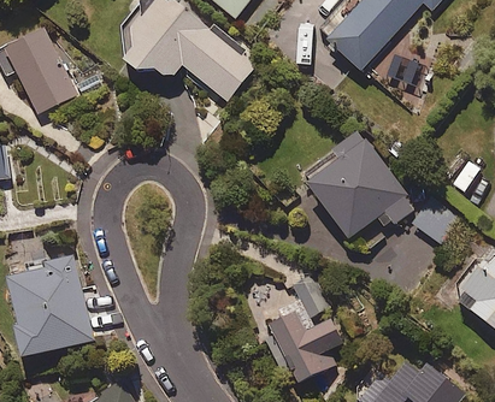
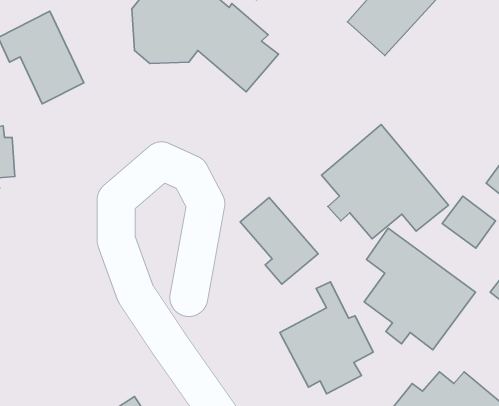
building: none -> [240,198,318,284]
building: none -> [364,228,475,350]
building: [10,254,95,355] -> none

